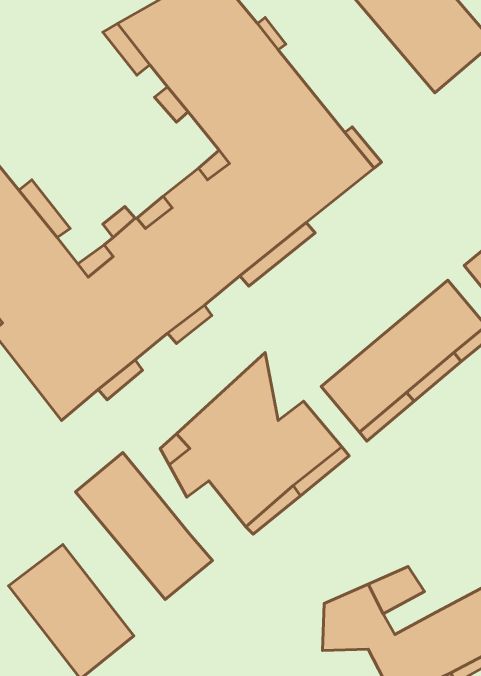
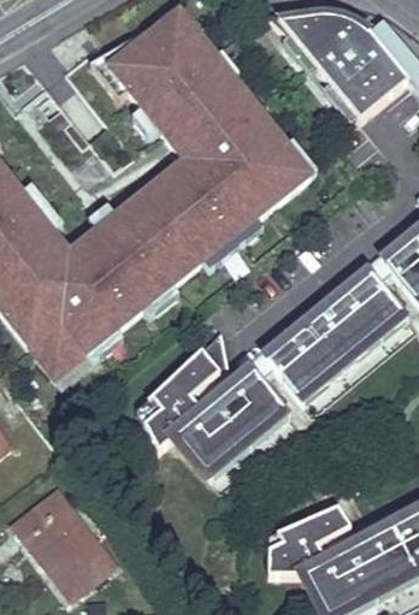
building: [76,453,212,600] -> none

